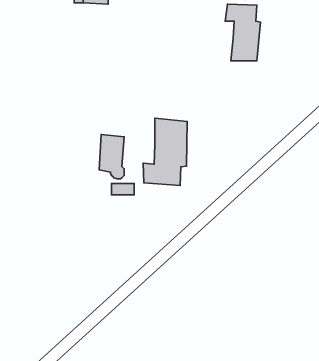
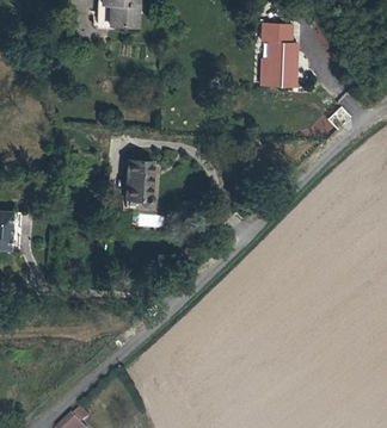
building: [143,118,187,185] -> none

